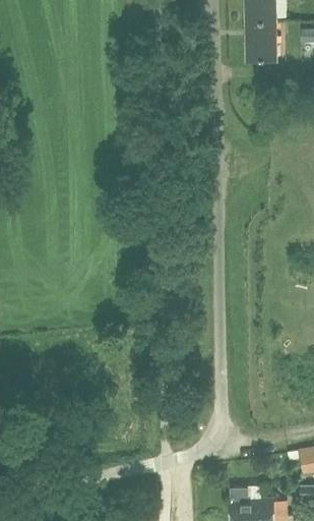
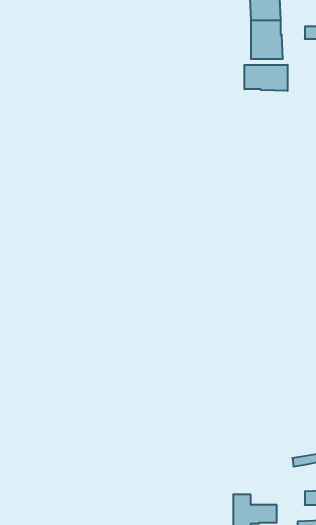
building: none -> [244,65,288,91]

